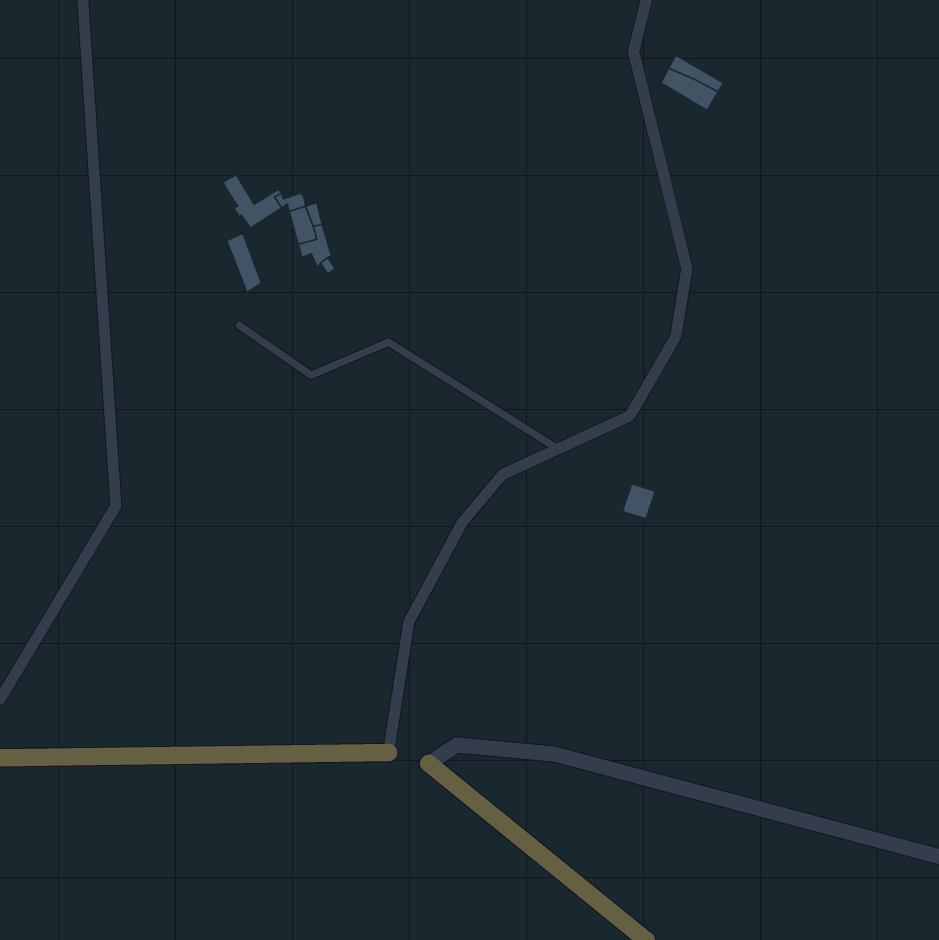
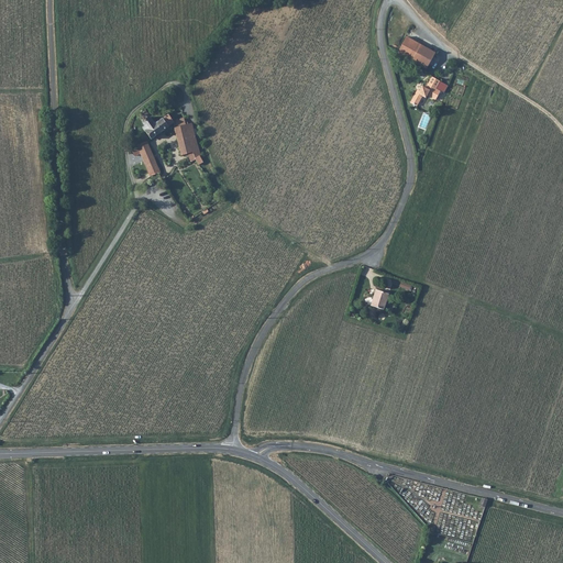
building: none -> [412,77,450,106]

